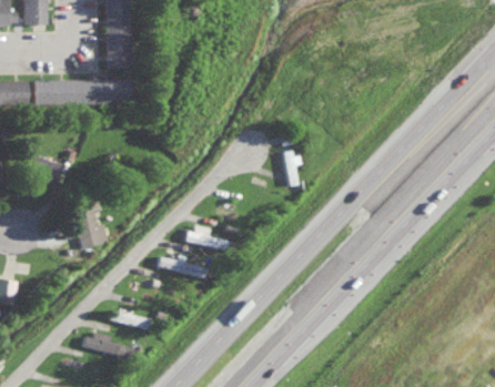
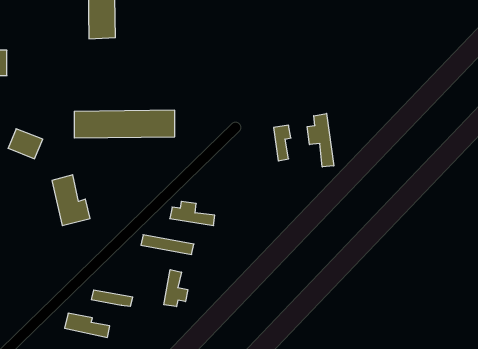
building: [33,80,130,106] -> [74,110,175,138]
building: none -> [307,113,334,167]
building: none -> [164,270,188,307]

